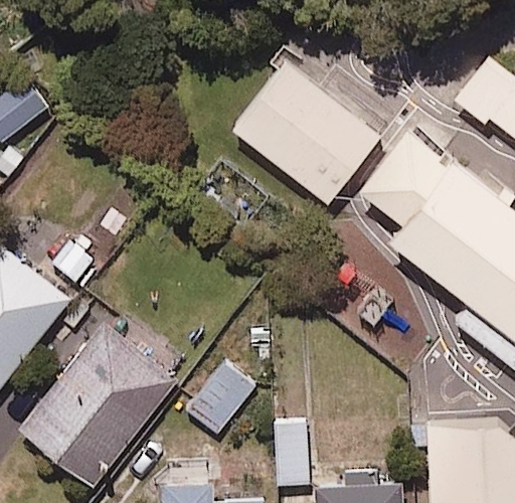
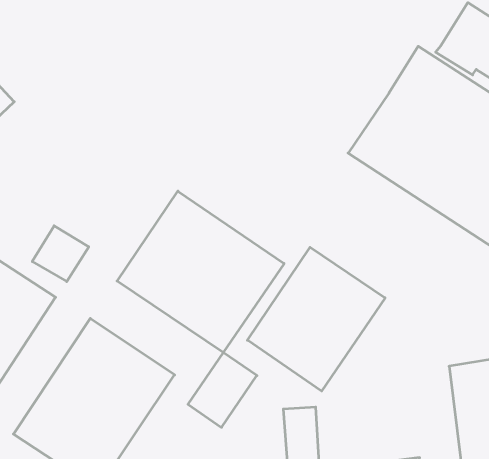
building: [265,62,404,196] -> none
building: none -> [117,191,284,352]
building: none -> [247,247,385,391]

